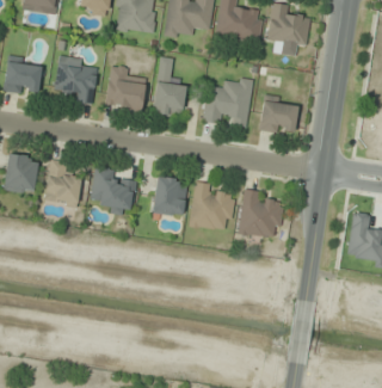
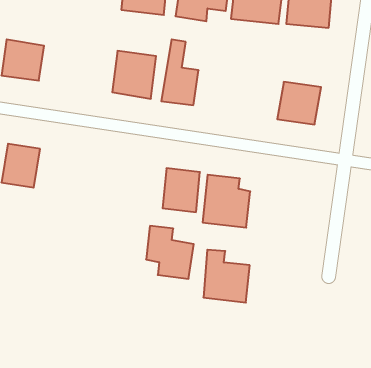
building: [55,57,96,101] -> none
building: [201,75,253,128] -> none
building: [44,159,79,205] -> none
building: [91,166,135,215] -> [146,226,194,279]
building: [239,189,282,238] -> [203,250,250,303]

